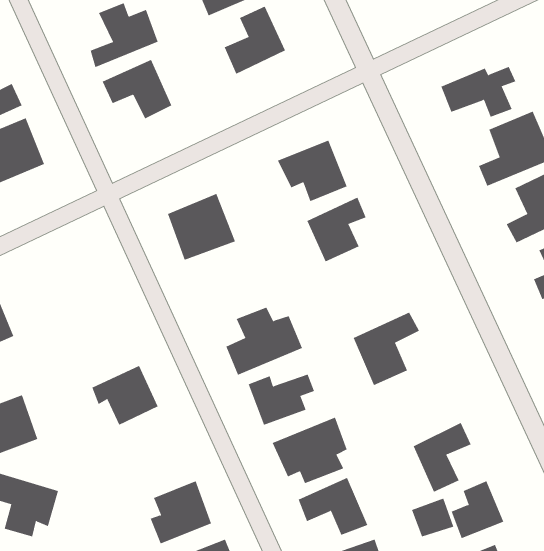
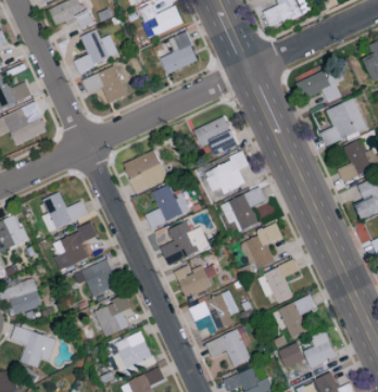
building: none -> [146,185,190,227]
building: none -> [220,187,266,233]
building: none -> [42,192,88,230]
building: none -> [51,224,98,269]
building: none -> [259,262,298,303]
building: none -> [93,295,131,337]

